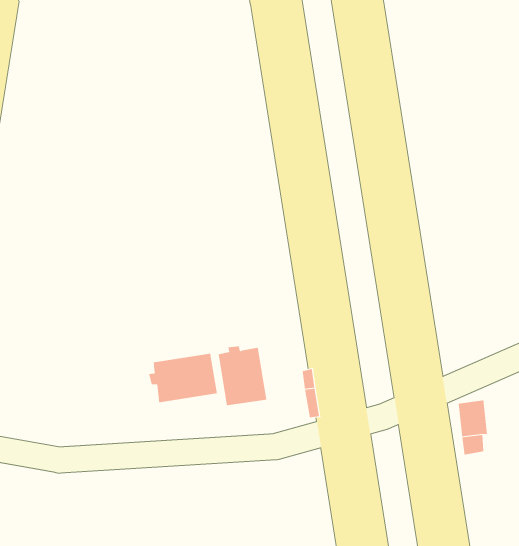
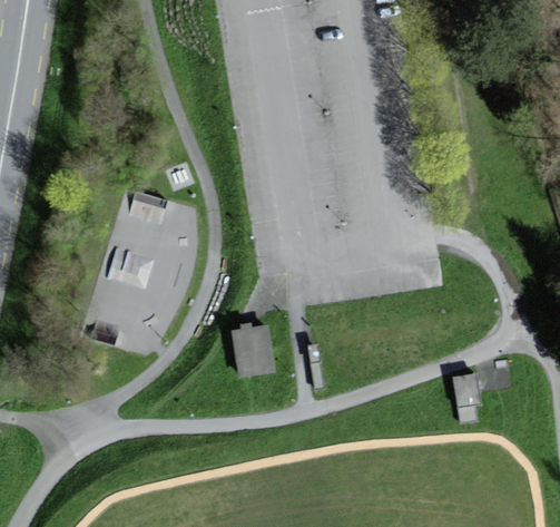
building: [149,353,217,403] -> none

